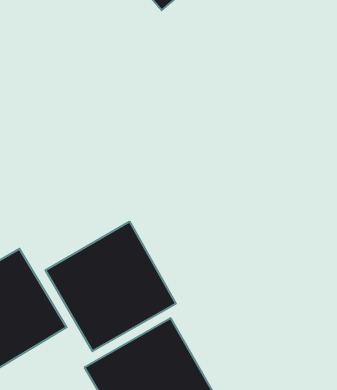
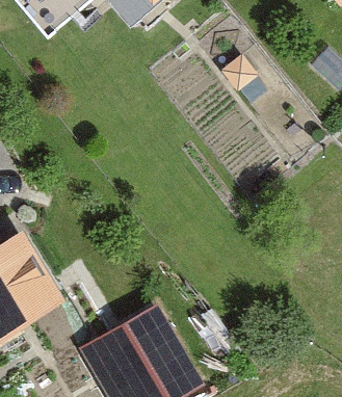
building: [46,222,176,351] -> none

